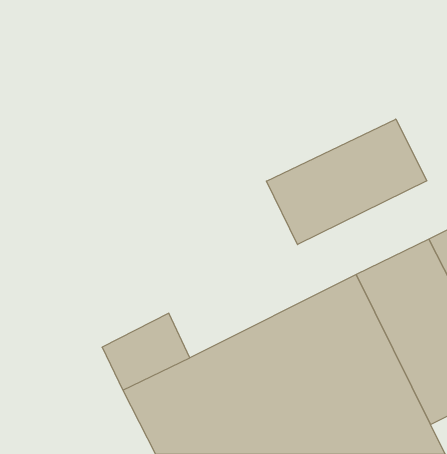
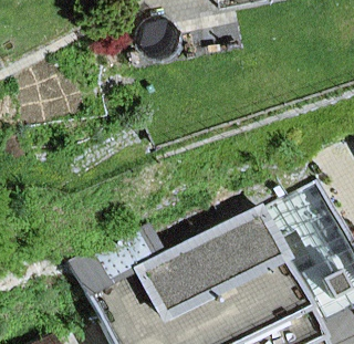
building: [266,119,427,245] -> none

